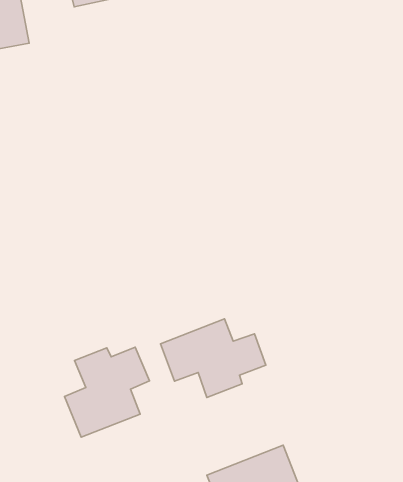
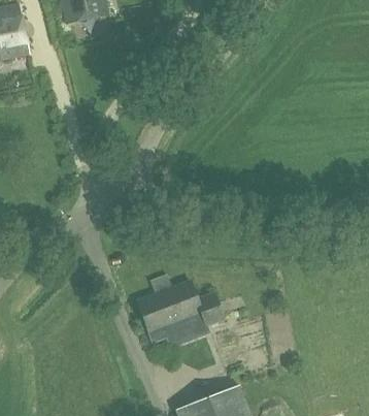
building: [64,347,149,437] -> none

